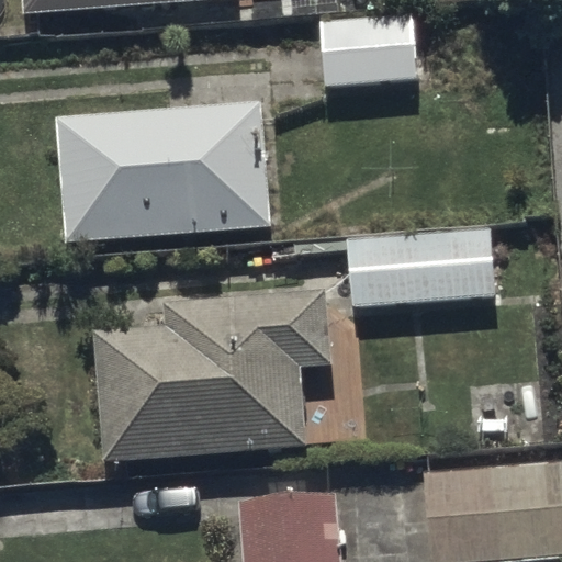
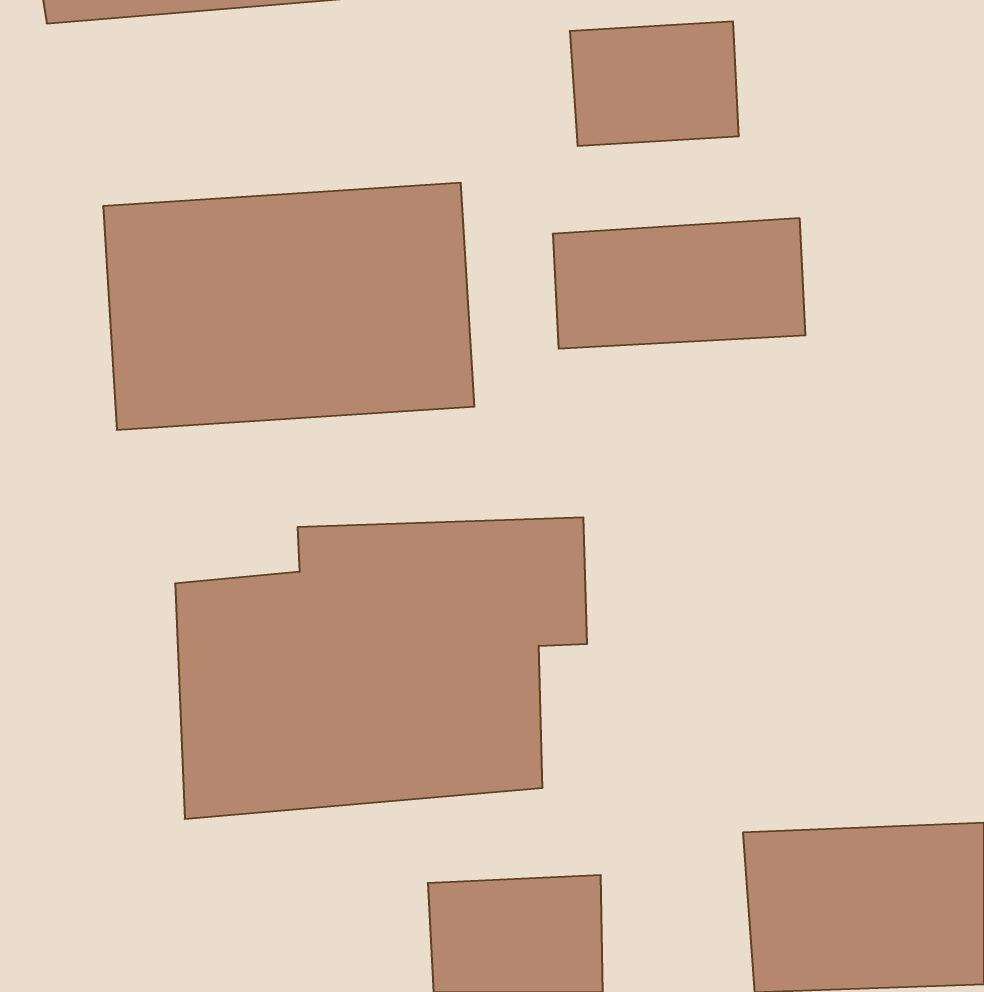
building: [347,231,490,304] -> [553,218,806,349]

